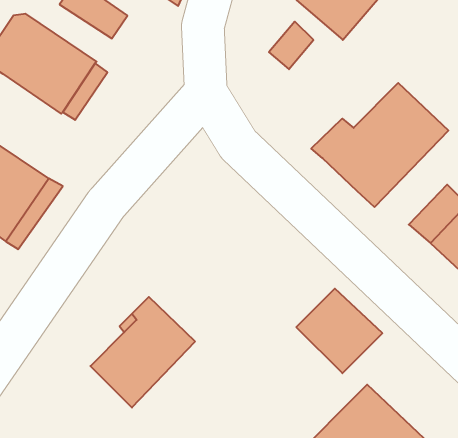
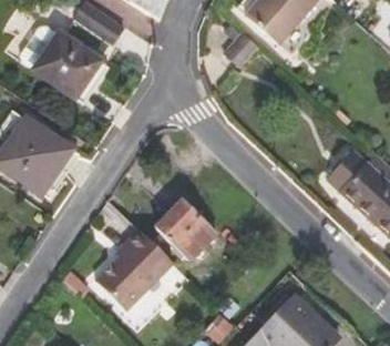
building: [311,83,448,207] -> none
building: [296,289,382,373] -> [156,200,218,261]

